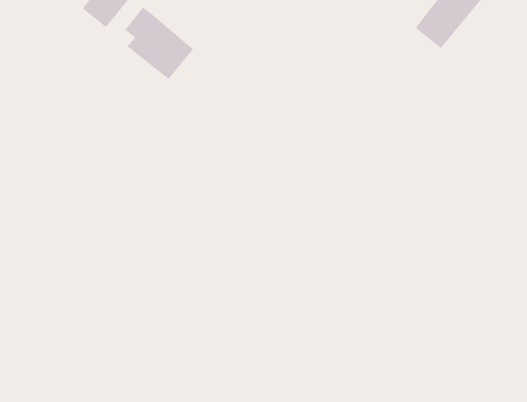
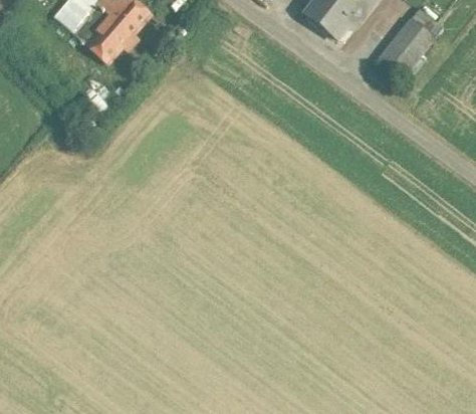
building: [125,6,194,80] -> none

